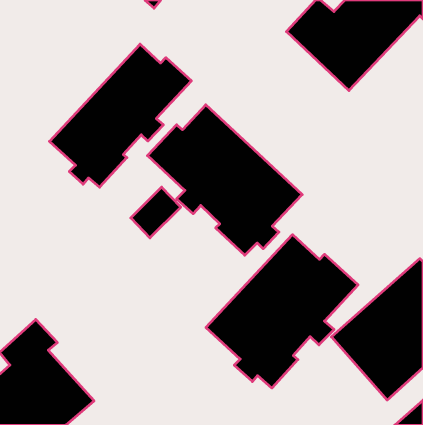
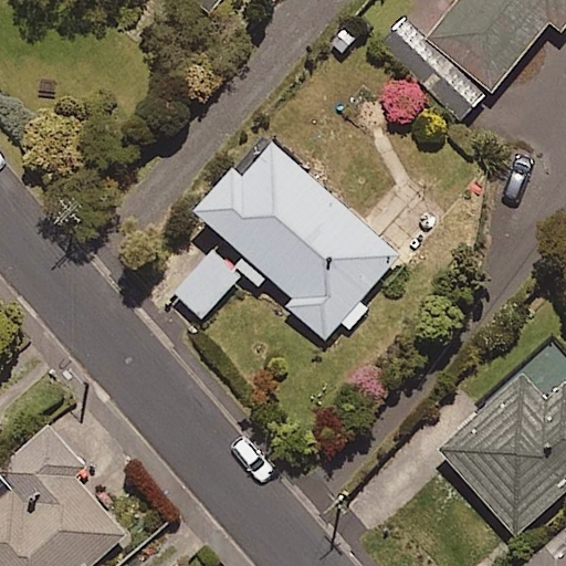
building: [49,44,191,187] -> none
building: [206,235,358,388] -> none

